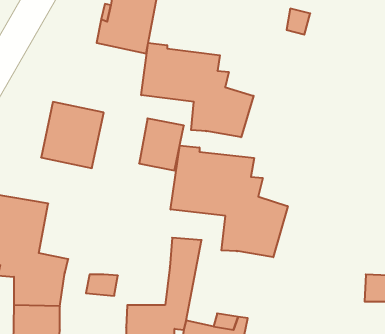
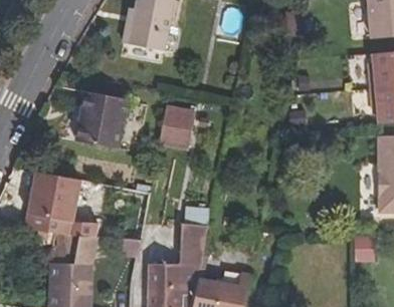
building: [141,43,254,137] -> none
building: [171,145,288,257] -> none

